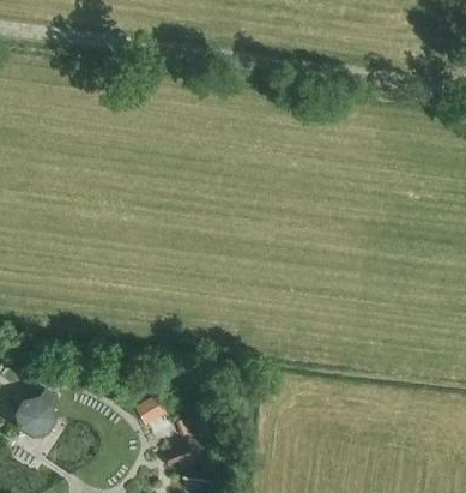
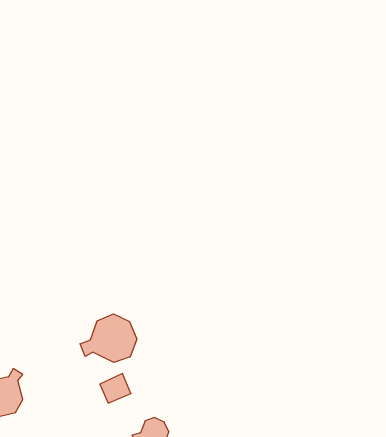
building: none -> [80,314,137,362]

